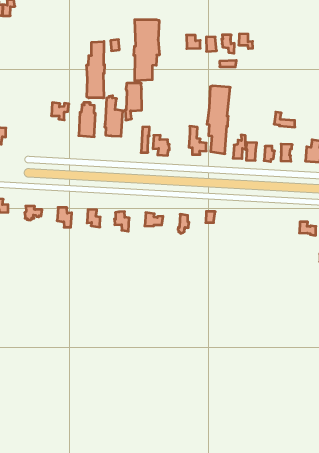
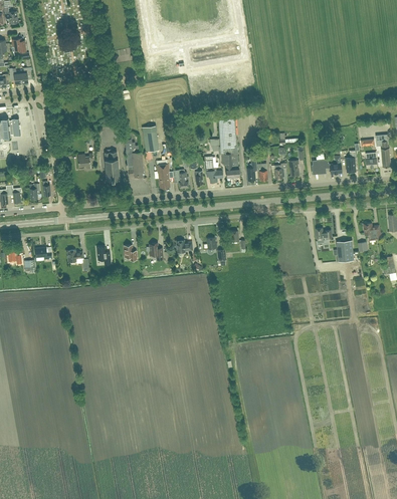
building: [134,20,159,81] -> none
building: [87,41,105,98] -> none

